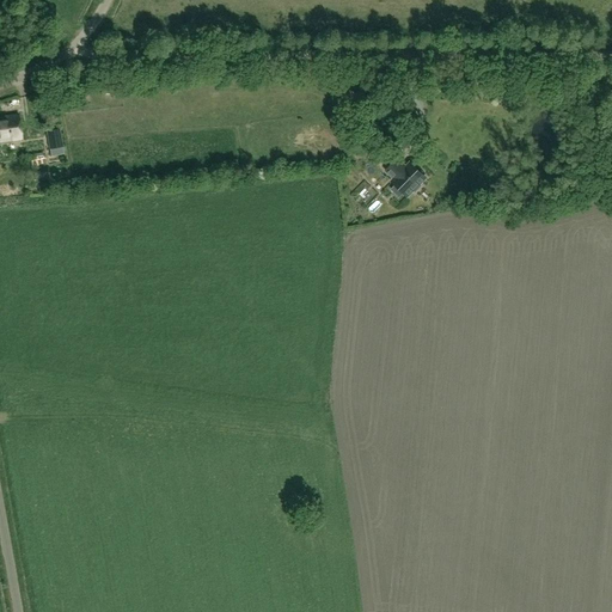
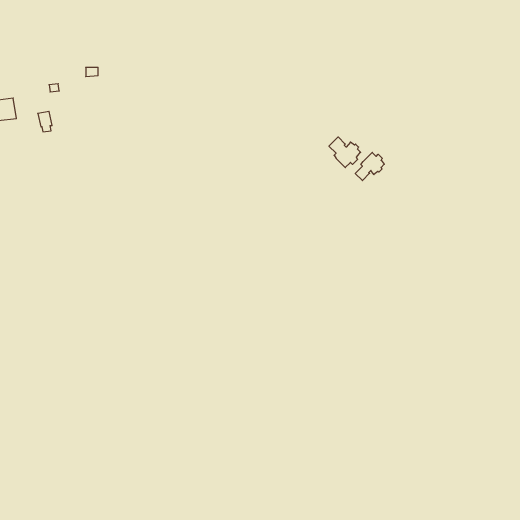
building: none -> [355,152,384,181]

